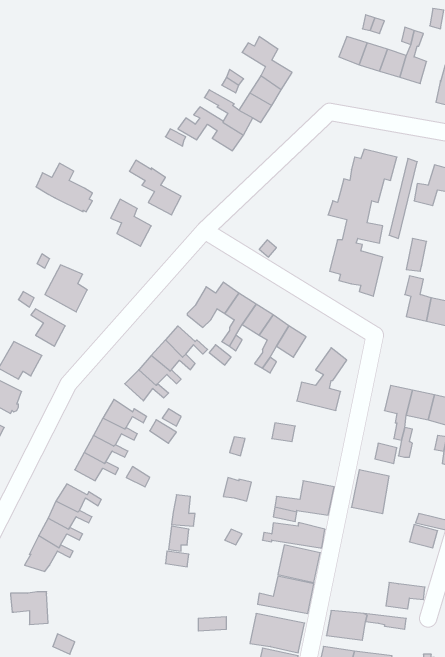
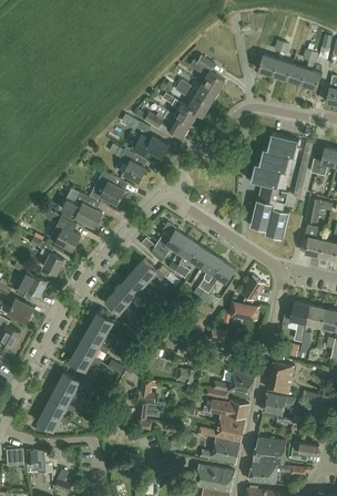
building: none -> [132,135,168,158]
building: [36,163,92,212] -> [61,193,101,227]
building: none -> [262,392,294,415]
building: none -> [252,436,286,463]

